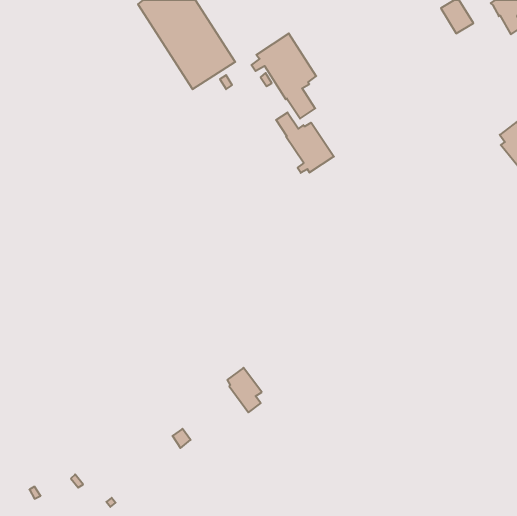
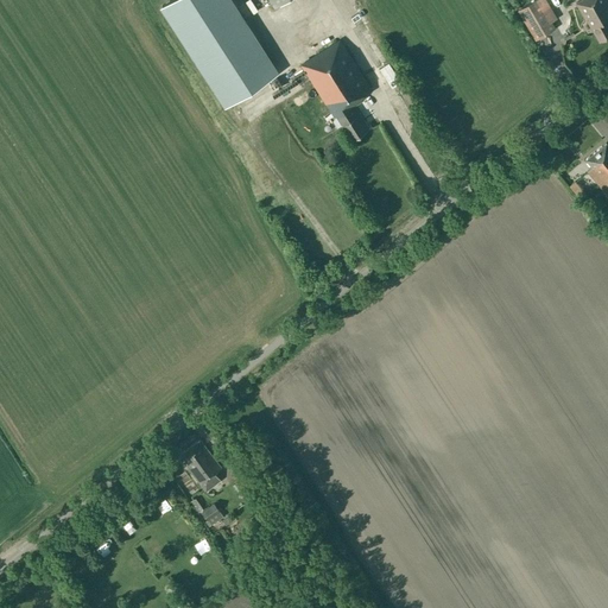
building: [276,112,334,173] -> none
building: [227,368,262,412] -> [182,441,222,493]

